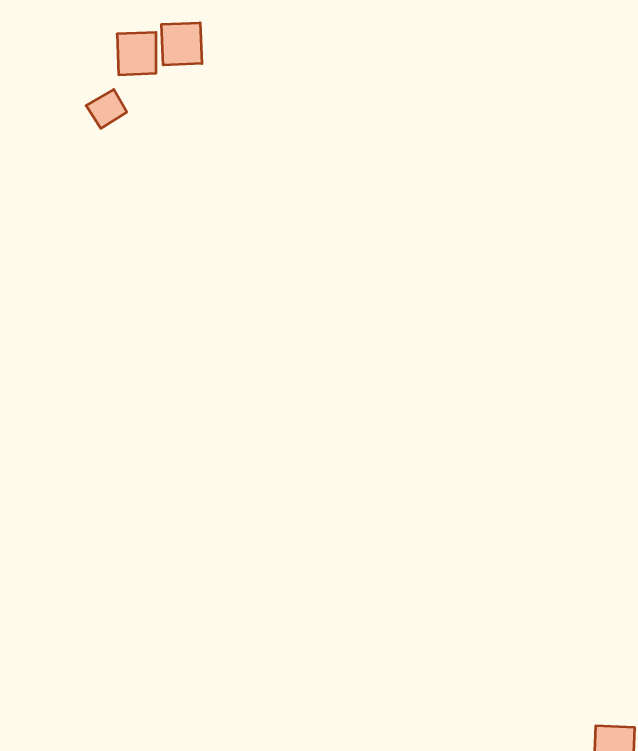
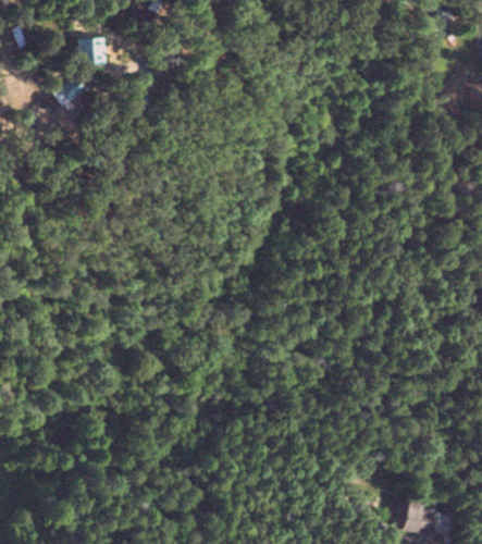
building: [162,23,202,65] -> none

